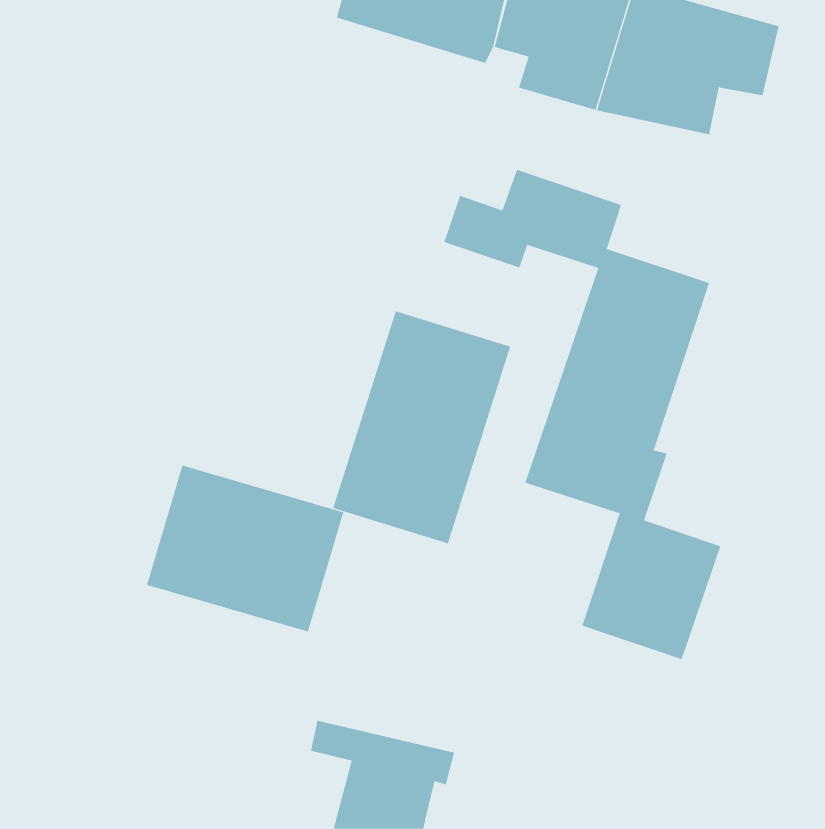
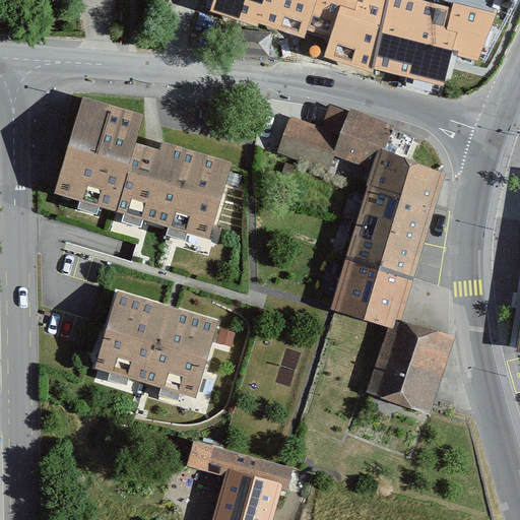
building: none -> [55,96,233,240]
building: [333,310,511,544] -> none

